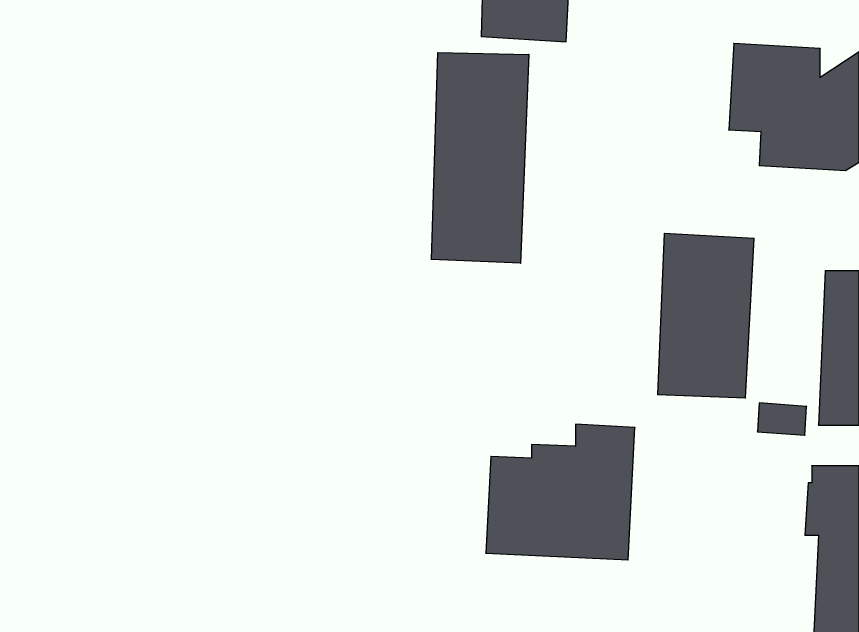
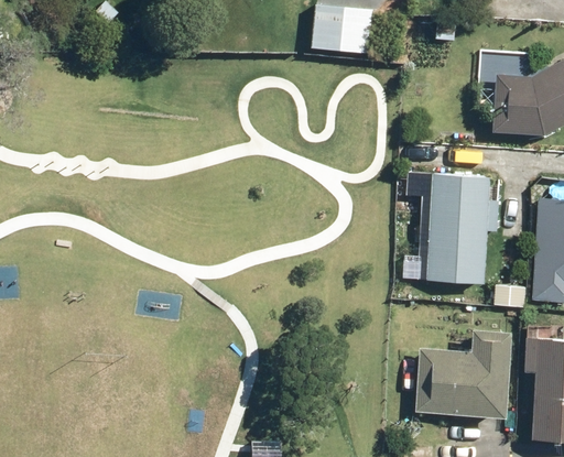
building: [431,53,529,263] -> none
building: [486,424,635,560] -> [419,327,516,415]

